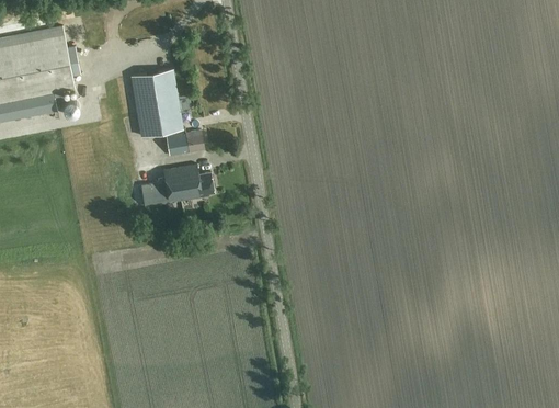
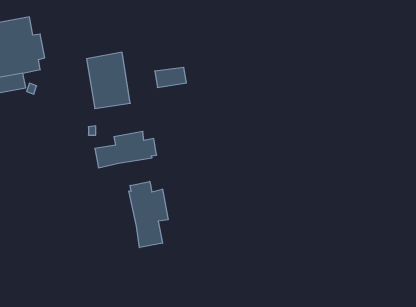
building: [166,131,204,155] -> [155,67,186,87]
building: none -> [129,181,168,248]

